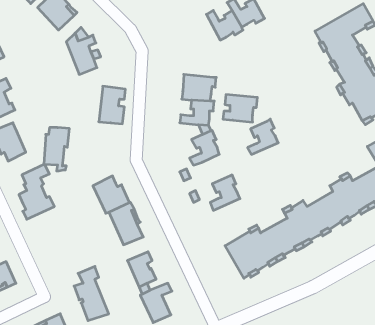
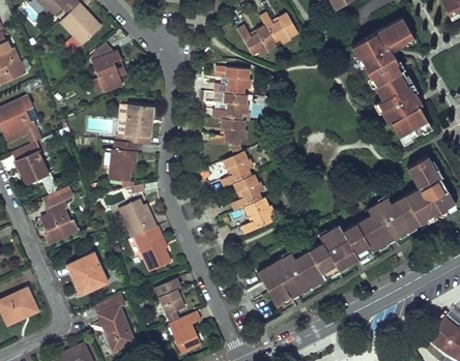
building: [223,95,257,122] -> [213,66,250,95]
building: [248,119,278,154] -> [230,174,262,211]
building: [44,128,69,171] -> [110,142,137,187]
building: none -> [66,252,108,296]

